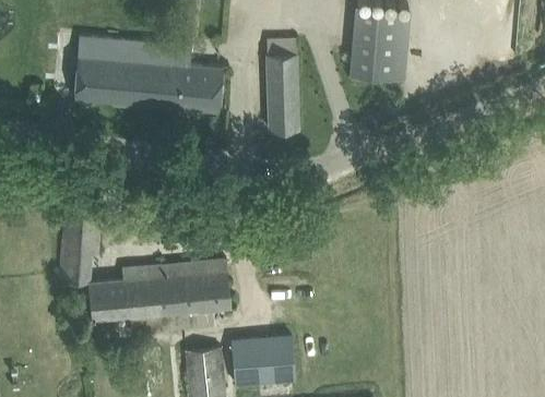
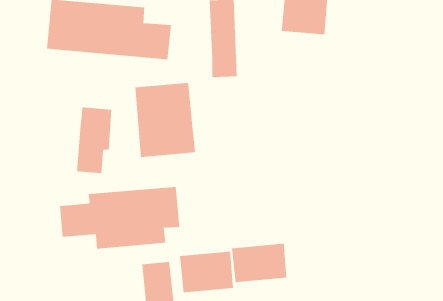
building: none -> [135,82,196,158]
building: [59,204,102,282] -> [76,107,112,173]
building: none -> [231,243,287,283]

